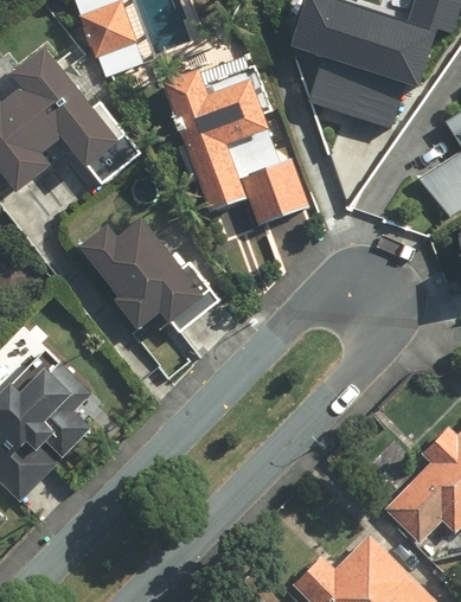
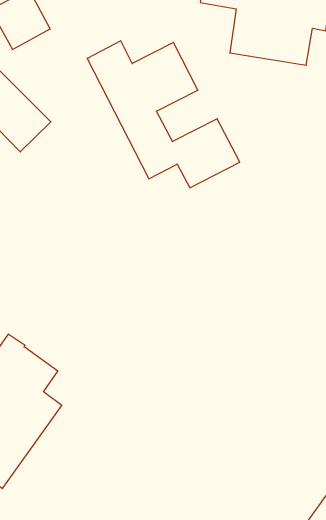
building: [82,216,207,328] -> none

